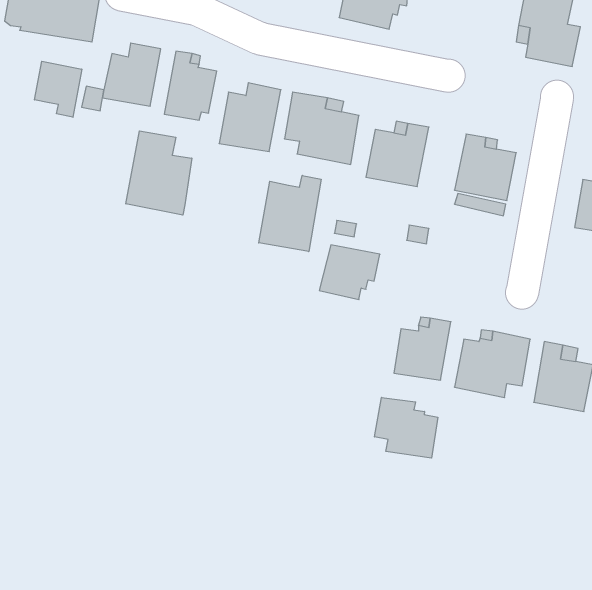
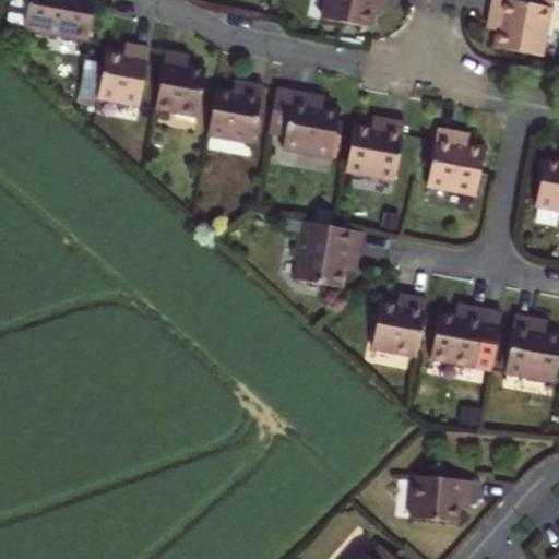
building: [35,61,82,117] -> none
building: [126,131,192,215] -> none
building: [259,175,321,252] -> none
building: [375,397,438,458] -> none
building: none -> [409,481,467,527]

